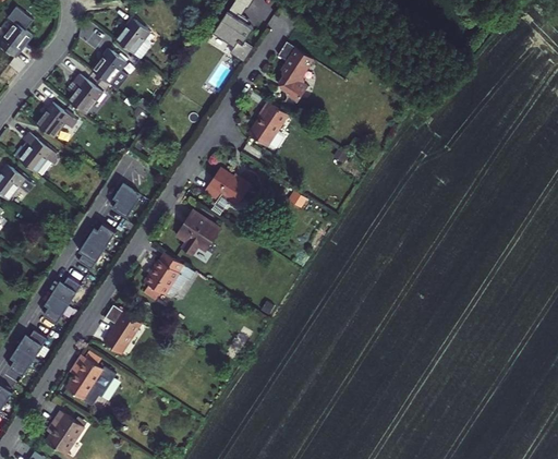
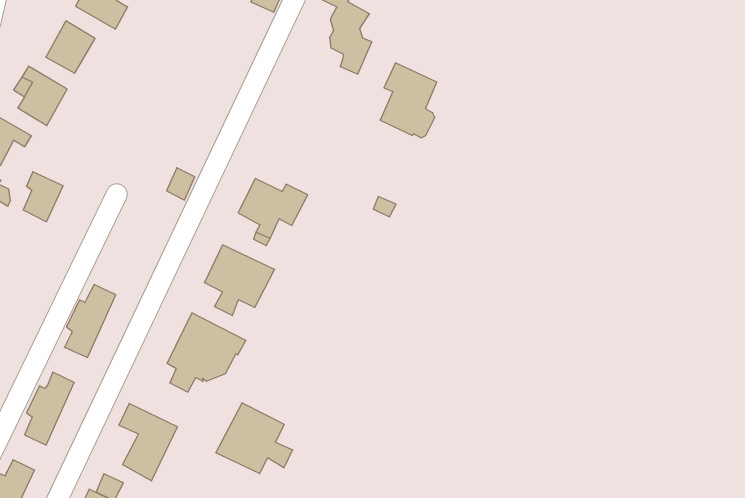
building: [247,98,288,149] -> [380,63,437,138]
building: [111,183,140,217] -> [23,172,63,222]
building: none -> [216,403,293,474]

